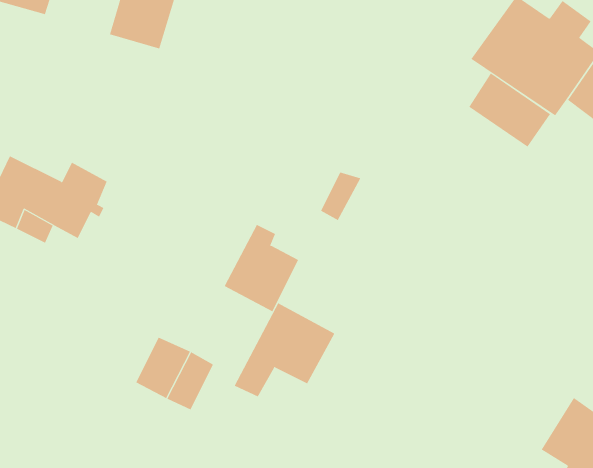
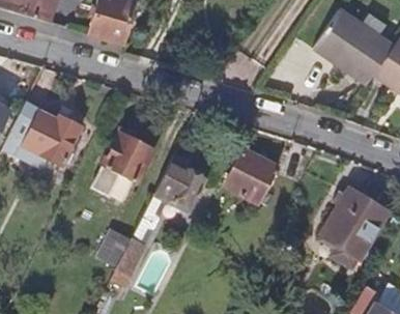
building: [469,73,551,147] -> none
building: none -> [227,149,278,200]
building: none -> [316,190,383,260]
building: [234,302,335,397] -> [92,131,156,191]

